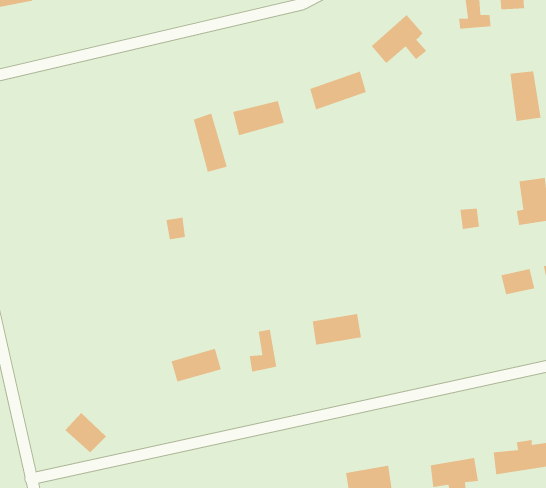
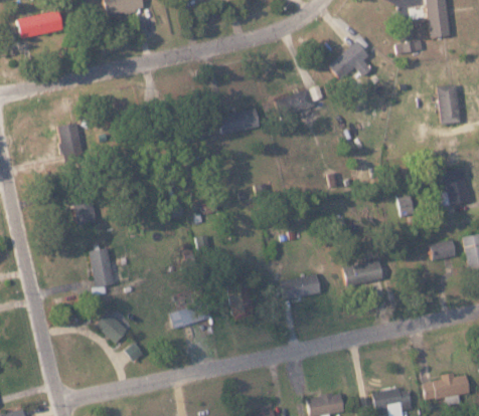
building: [193,113,228,173] -> none
building: none -> [58,123,81,150]
building: none -> [72,198,97,226]
building: none -> [89,247,115,287]
building: none -> [342,259,383,286]
building: [64,412,107,453] -> [95,311,128,344]

